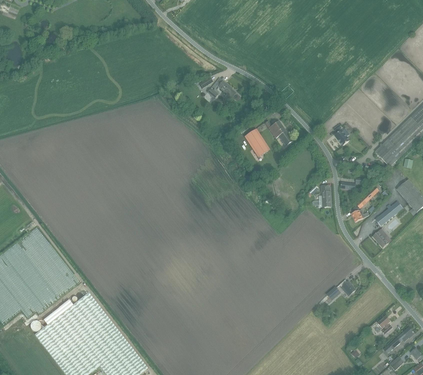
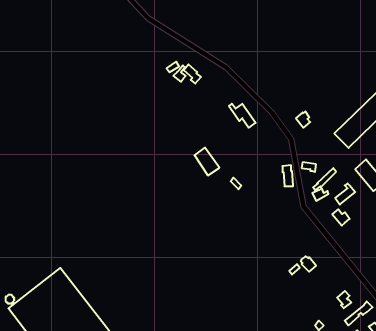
building: [244,128,270,157] -> [194,148,219,175]

